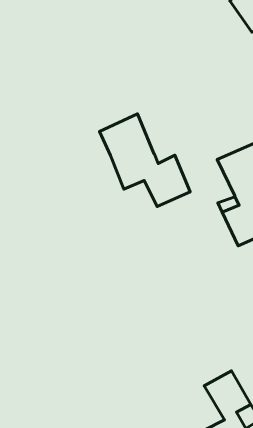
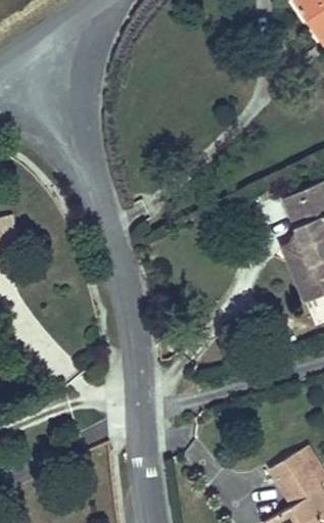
building: [100,114,190,207] -> none

